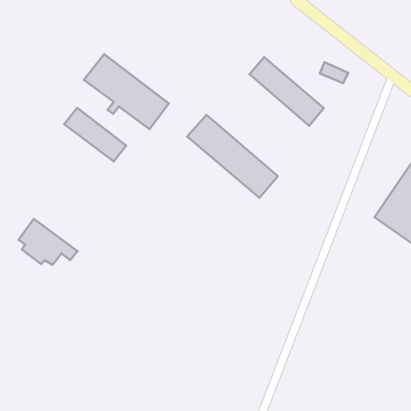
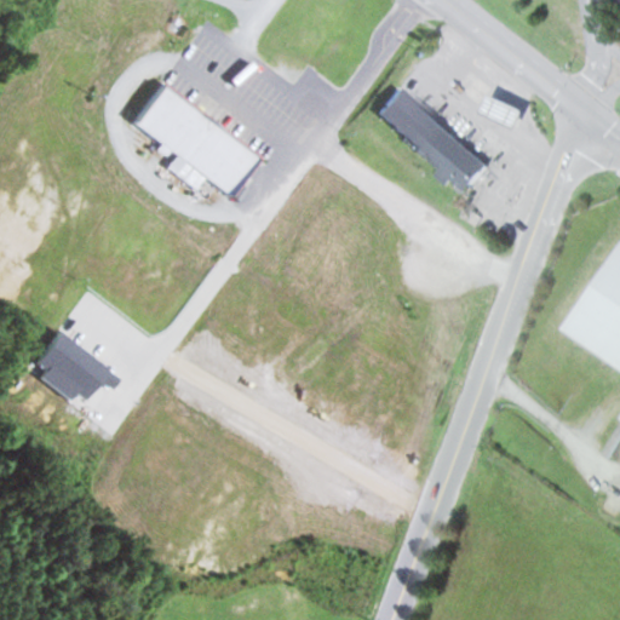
building: [64,108,126,162] -> none
building: [187,115,278,198] -> none

